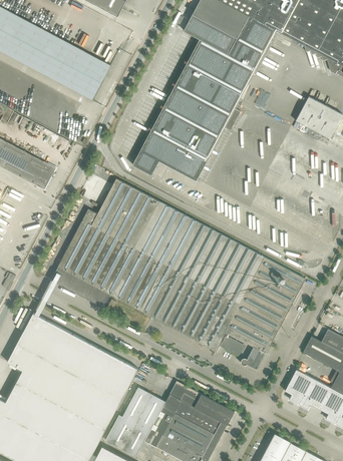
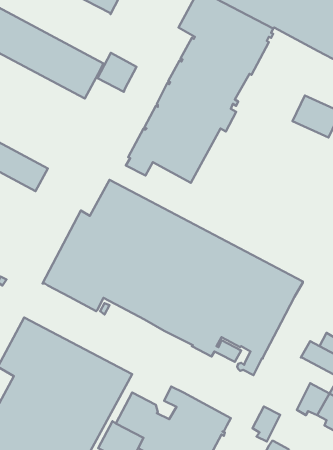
building: none -> [97,53,137,92]
building: [285,370,312,404] -> [252,407,280,442]

